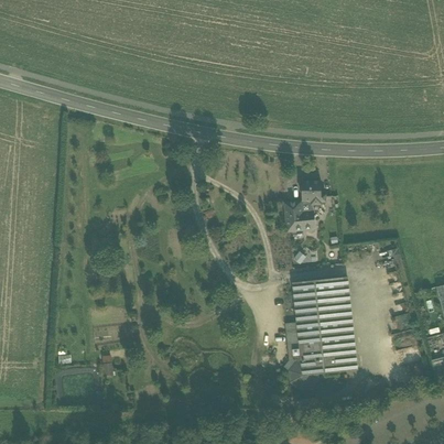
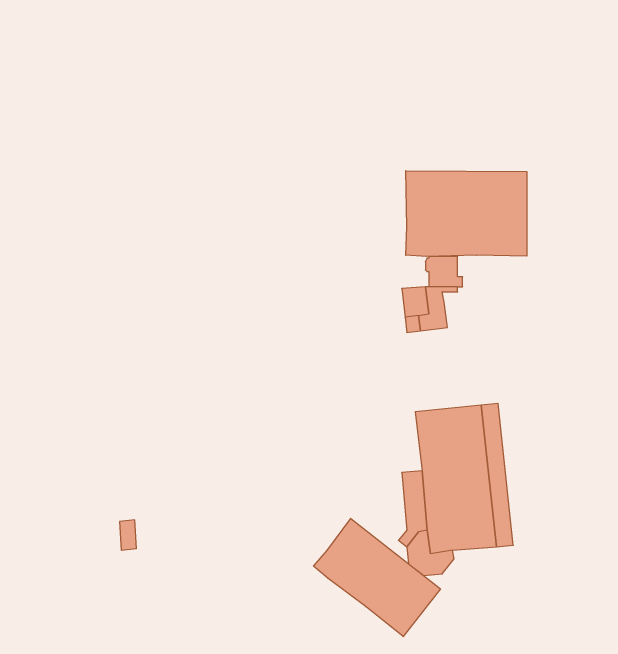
building: none -> [406,171,527,256]
building: none -> [314,518,440,637]

